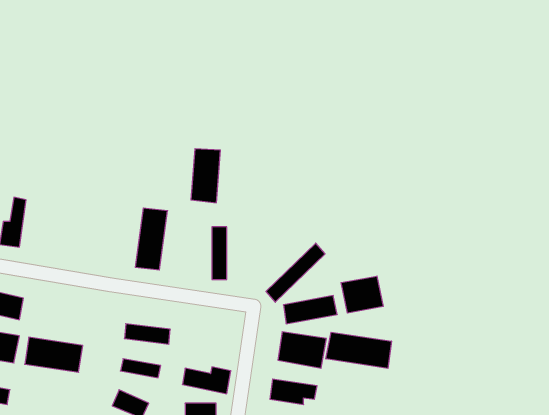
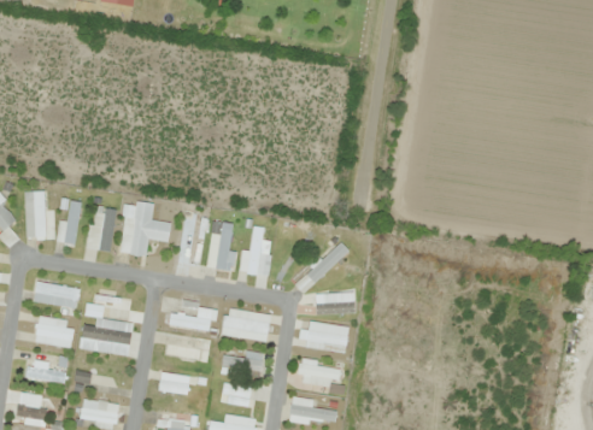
building: [191,149,220,203] -> [207,222,234,270]
building: none -> [121,202,170,254]
building: none -> [88,210,115,252]
building: [341,276,383,313] -> none
building: none -> [94,298,130,319]
building: none -> [222,308,270,341]
building: [326,332,391,368] -> none

